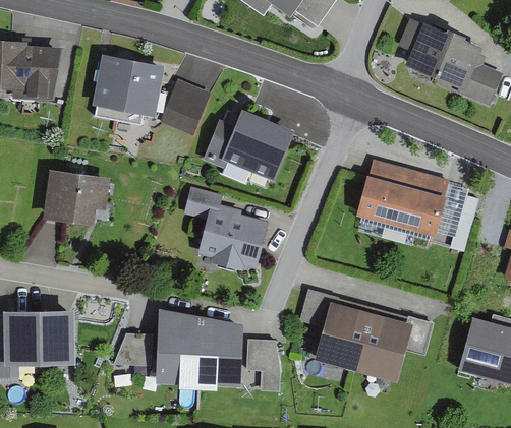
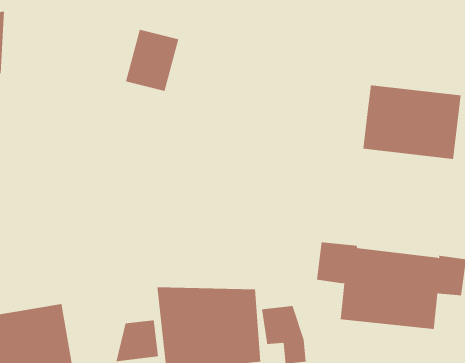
building: [92,54,164,127] -> none
building: [202,107,295,186] -> none
building: [43,170,110,225] -> none
building: [183,188,268,270] -> none

